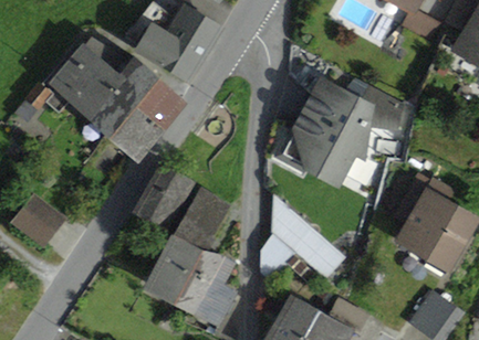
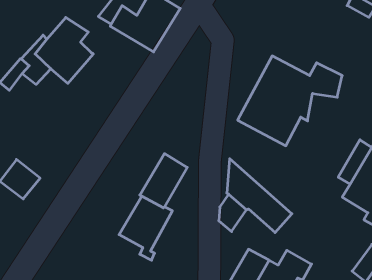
building: [92,60,181,156] -> none
building: [137,162,194,229] -> none
building: [185,256,236,321] -> none

